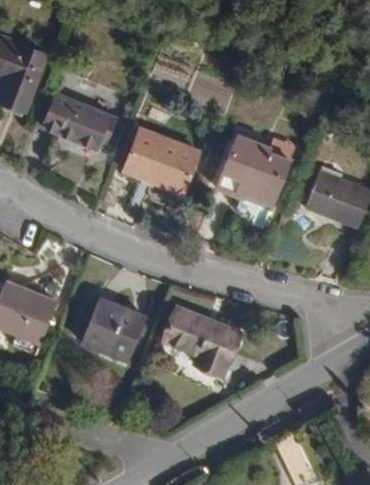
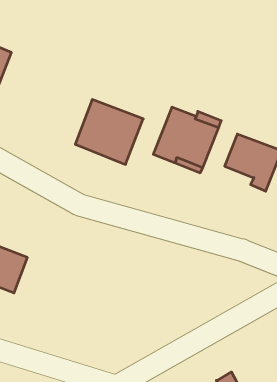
building: [49,93,120,147] -> none
building: [90,299,153,360] -> none
building: [167,317,243,385] -> none

